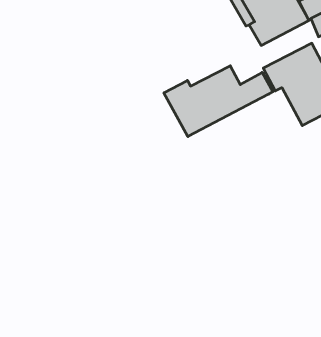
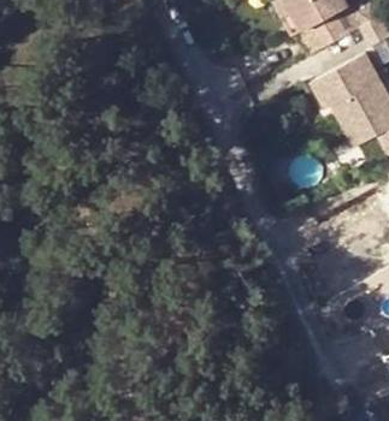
building: [164,66,273,137] -> none

